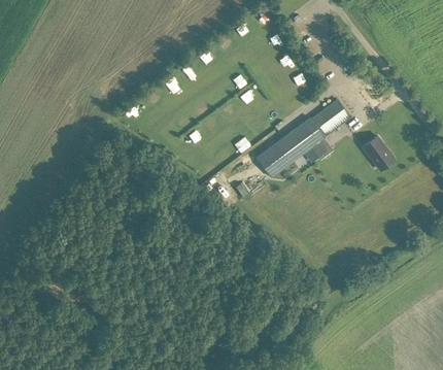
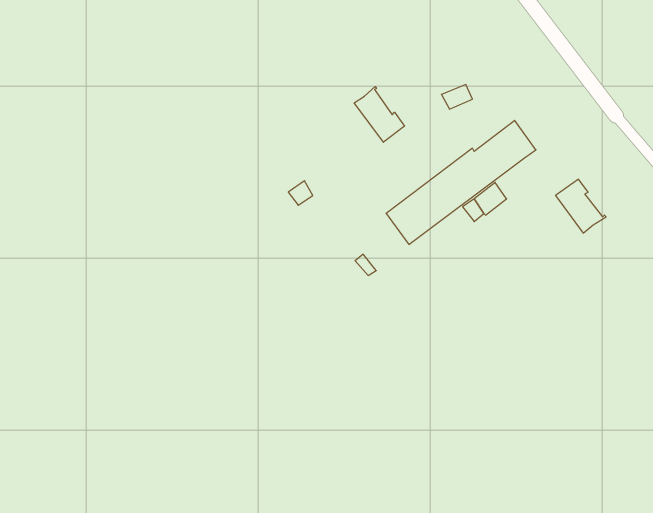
building: none -> [354,87,405,142]

